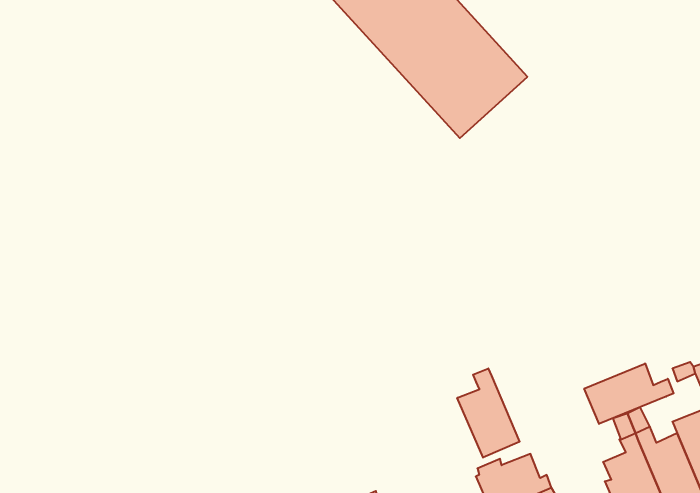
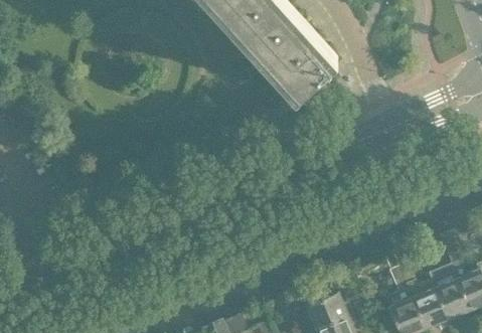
building: [584,363,674,424] -> none
building: [457,368,520,458] -> none

